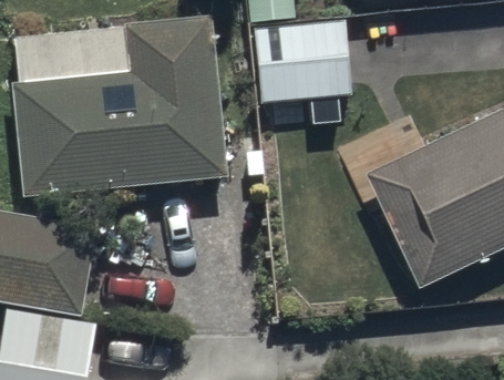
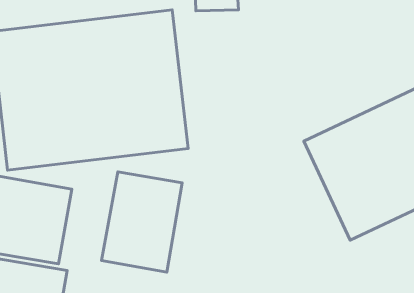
building: [250,18,350,104] -> none
building: none -> [102,172,182,272]

